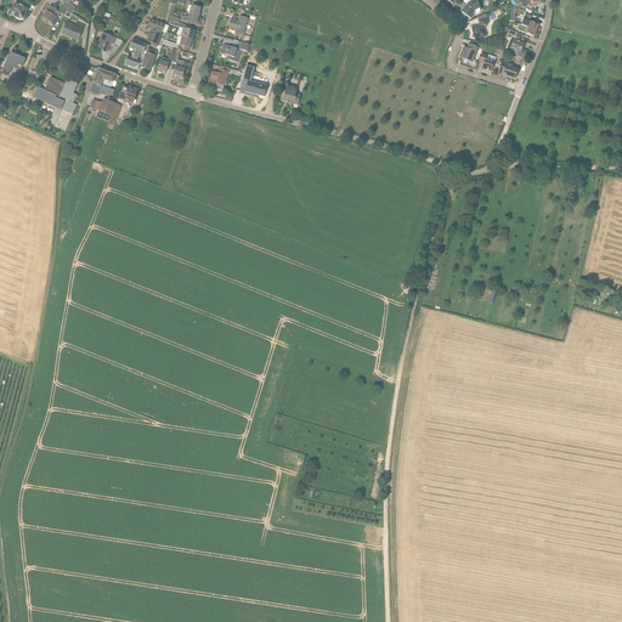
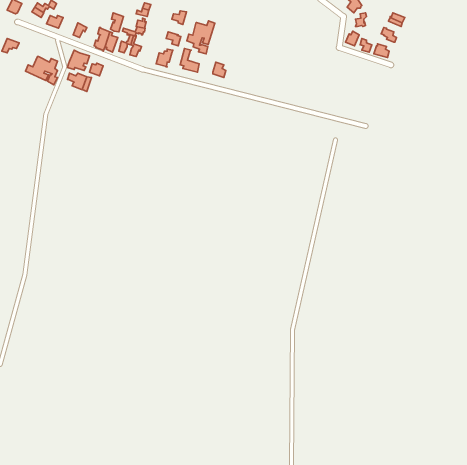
building: none -> [187,21,215,54]

